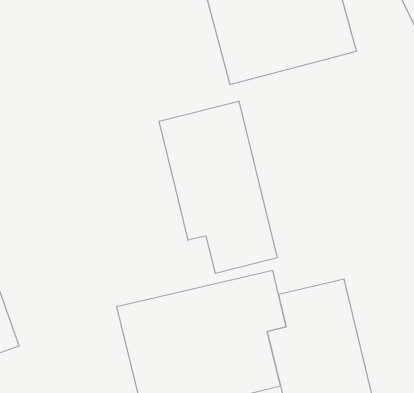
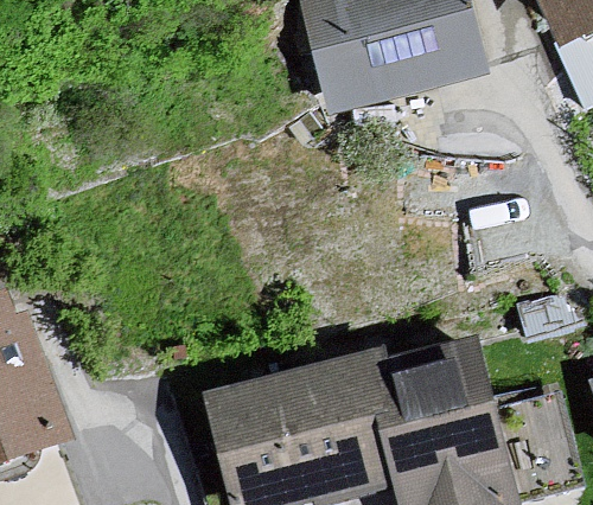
building: [159,101,277,274] -> none

